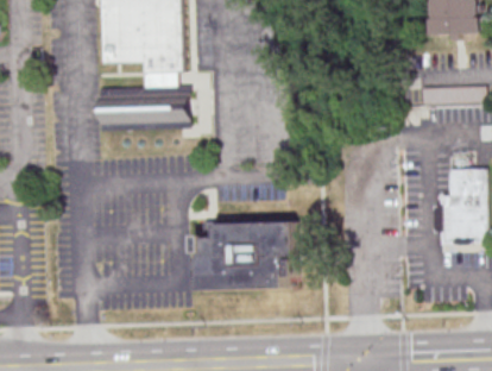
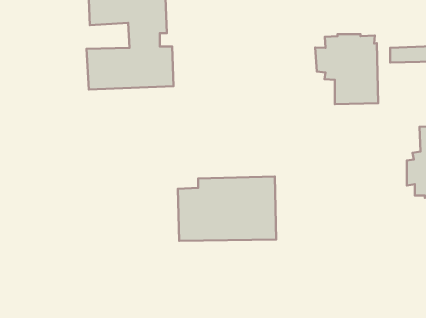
building: none -> [315,34,378,104]

